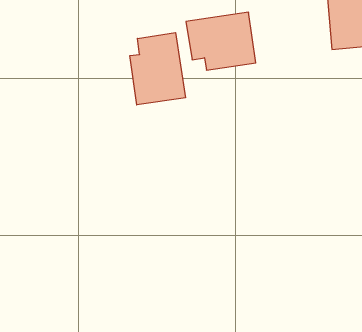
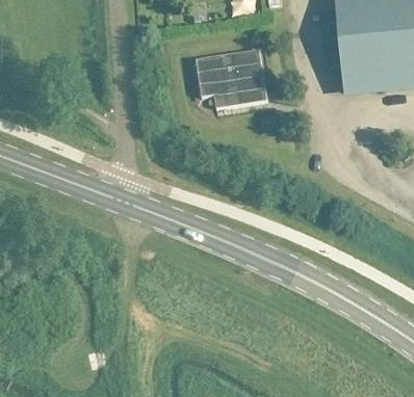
building: [130,33,185,105] -> none

